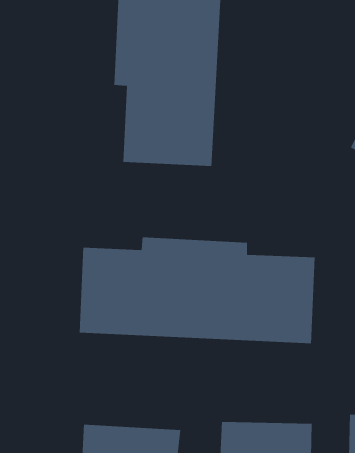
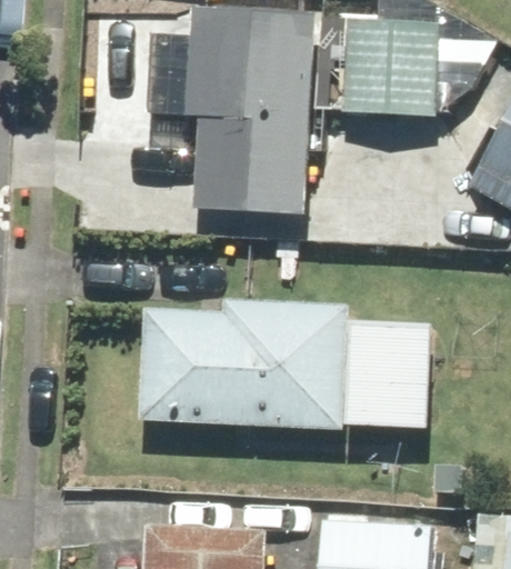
building: none -> [339,19,439,117]

